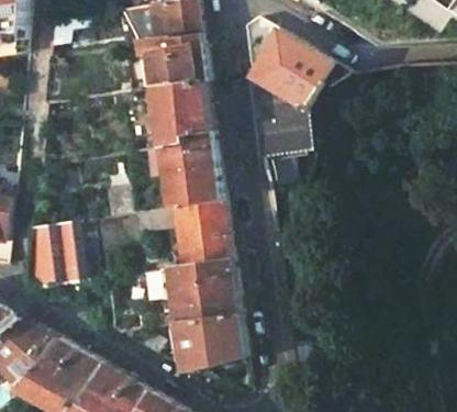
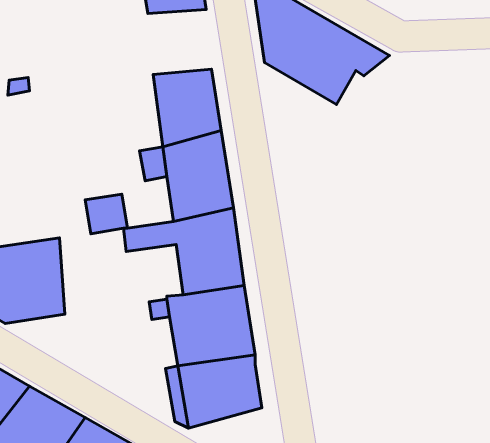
building: [137,33,205,86] -> none
building: [245,76,306,182] -> none

